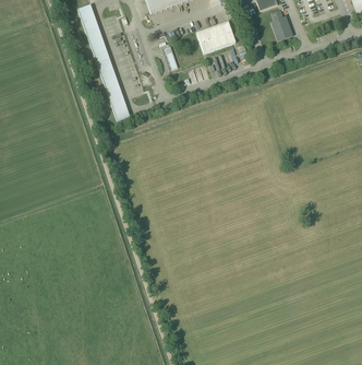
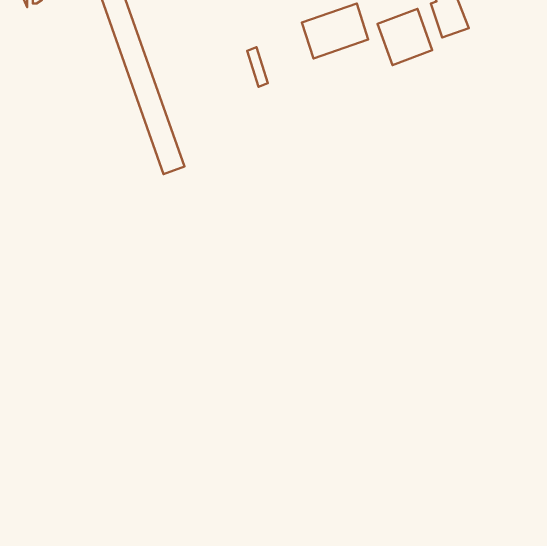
building: none -> [378,9,432,65]

